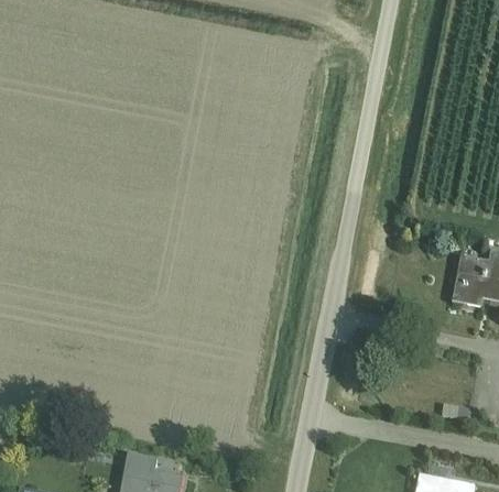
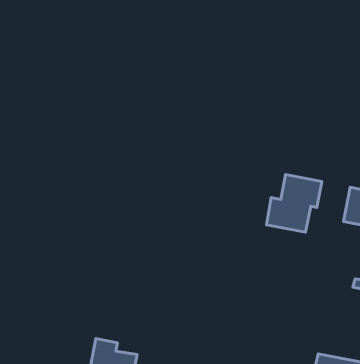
building: none -> [266,174,322,232]

